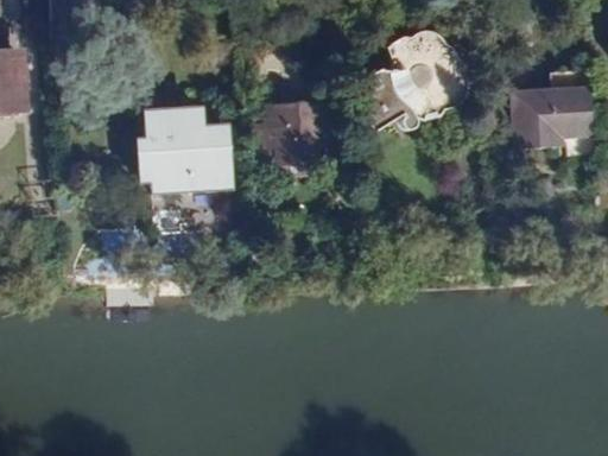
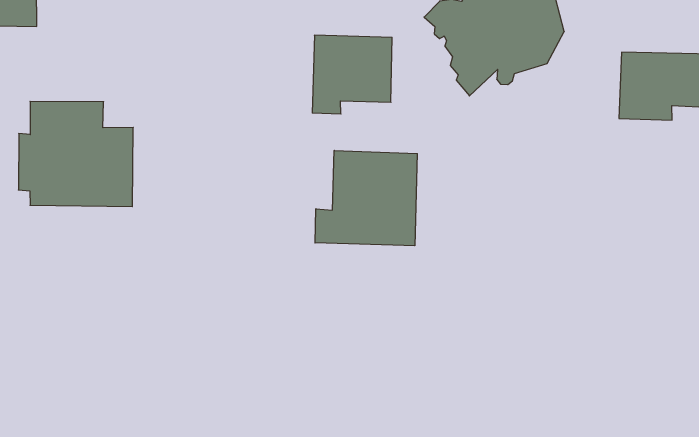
building: [135,104,234,195] -> [18,101,133,207]
building: none -> [315,150,417,246]

